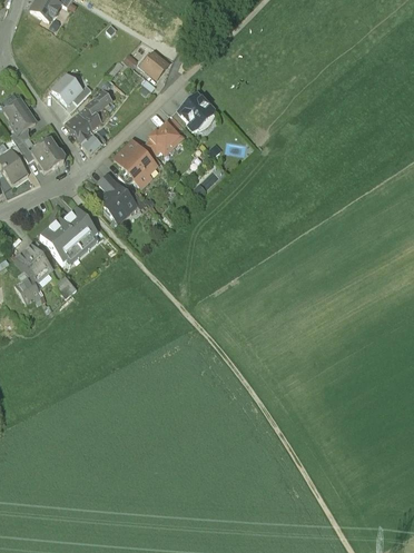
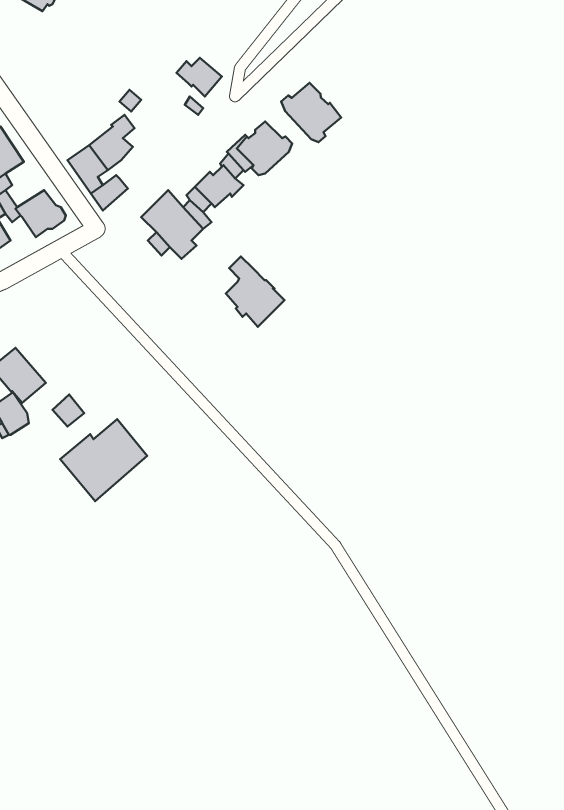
building: none -> [281,83,341,142]
building: [51,73,81,103] -> none
building: [97,175,136,221] -> [226,257,285,327]
building: [39,207,97,261] -> [60,419,147,501]

